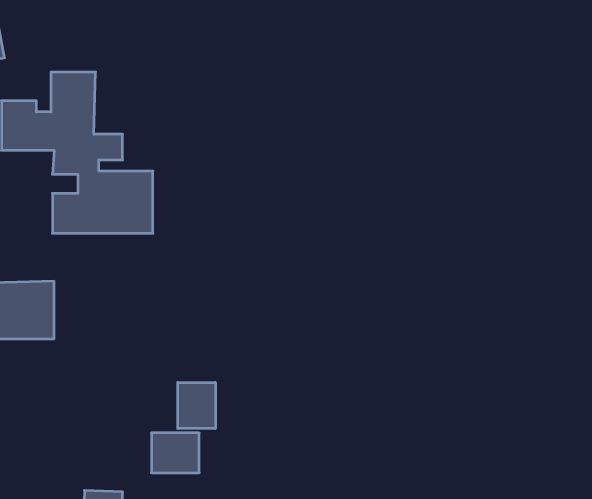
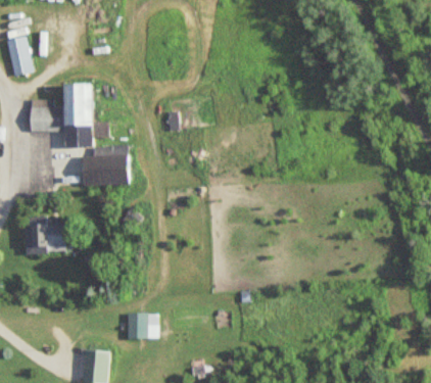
building: [178,382,215,429] -> none

